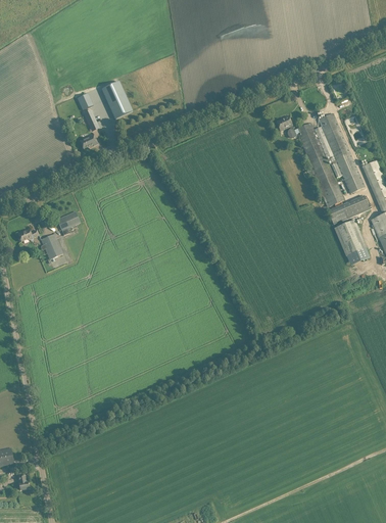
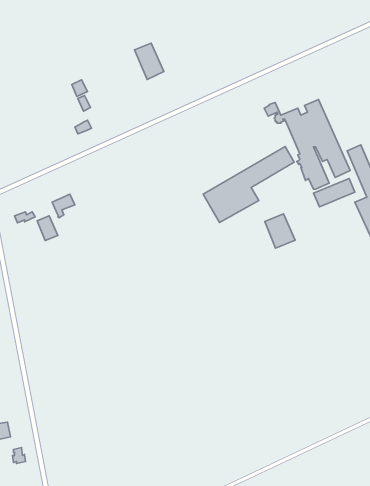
building: [101,82,132,120] -> [134,43,164,80]
building: none -> [203,147,294,222]
building: [334,221,366,256] -> [265,214,295,248]

